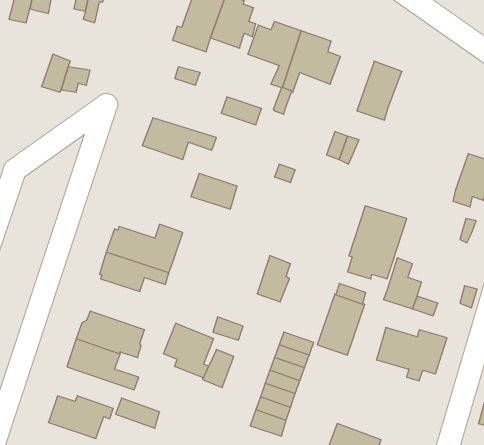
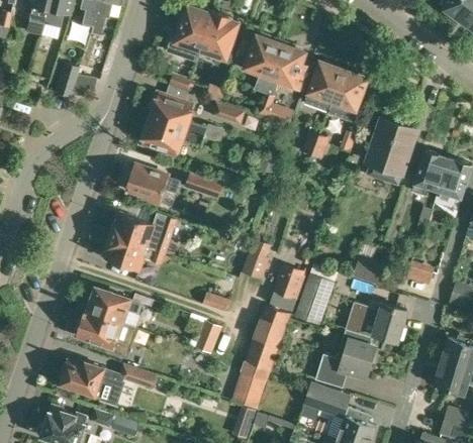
building: none -> [303,61,343,113]
building: none -> [150,94,222,140]
building: none -> [125,165,180,204]
building: [348,206,407,279] -> [365,118,416,182]
building: none -> [272,267,305,301]
building: [163,323,214,378] -> none
building: none -> [314,330,375,389]

